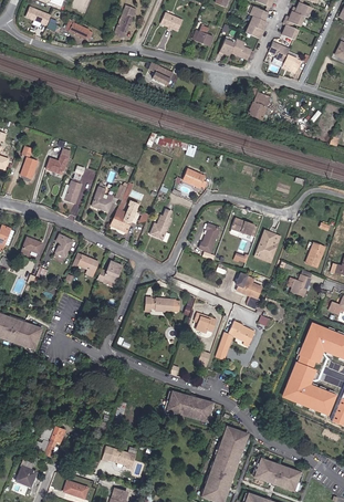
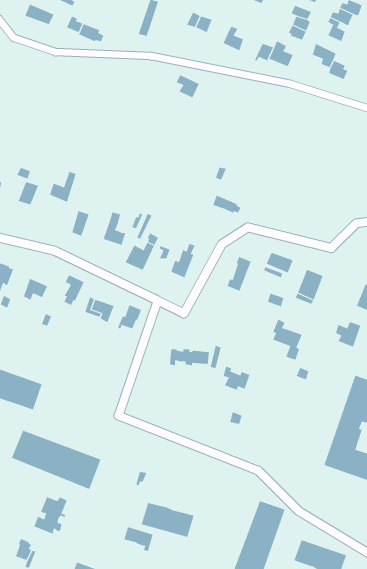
building: [250,88,274,118] -> none
building: [215,322,250,360] -> none
building: none -> [11,430,101,490]
building: [167,393,212,422] -> [141,502,194,538]

